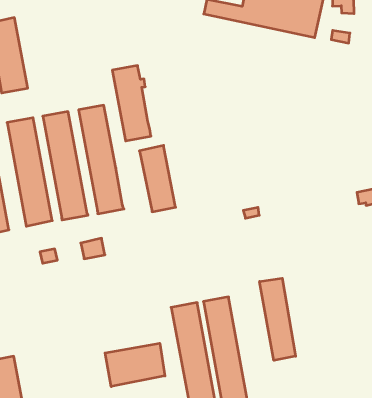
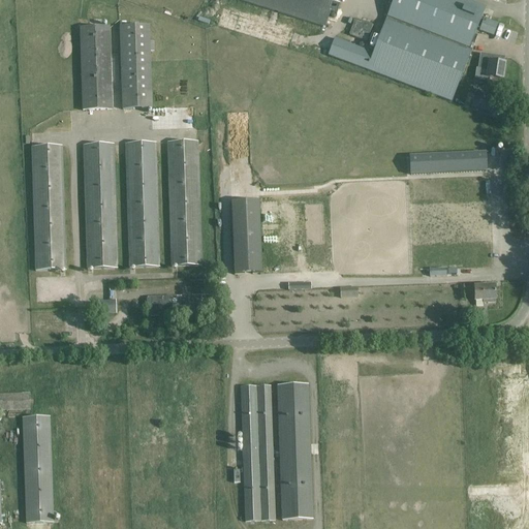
building: [112,66,151,141] -> [119,22,154,106]
building: none -> [409,150,487,172]
building: [260,278,296,360] -> none
building: [105,343,165,387] -> none

